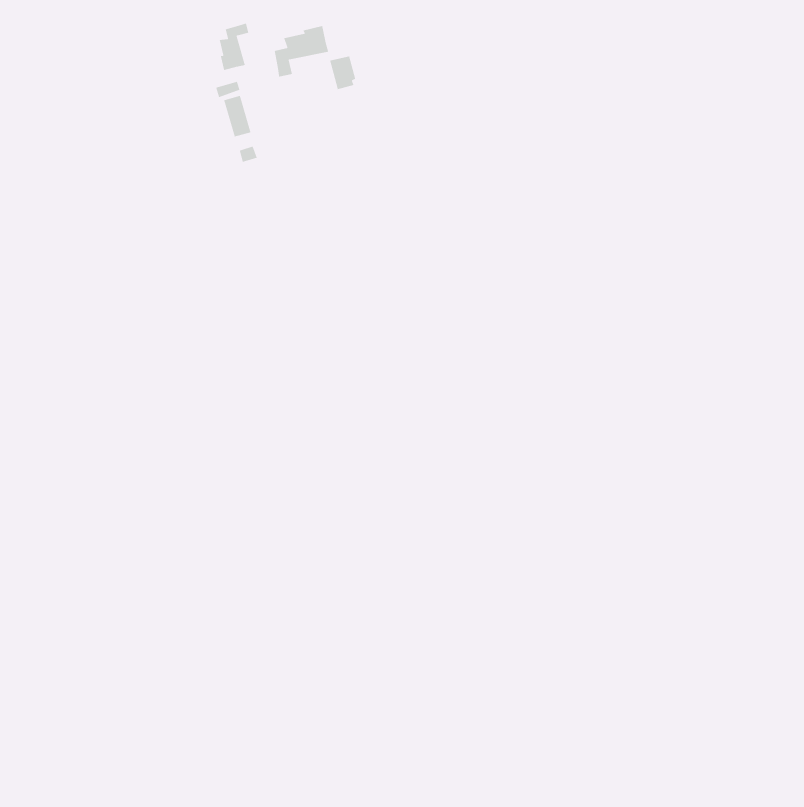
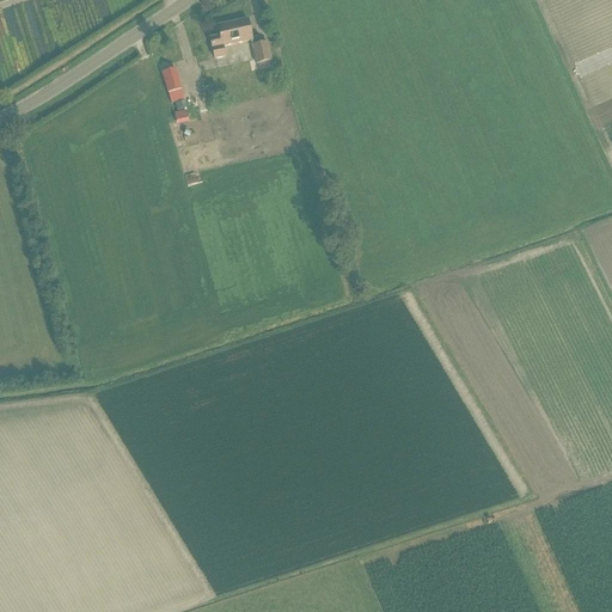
building: [219,22,249,71] -> none

